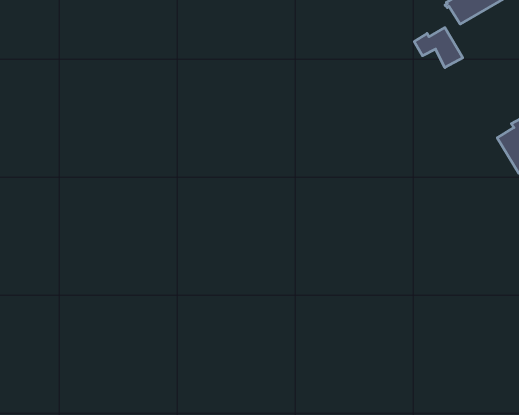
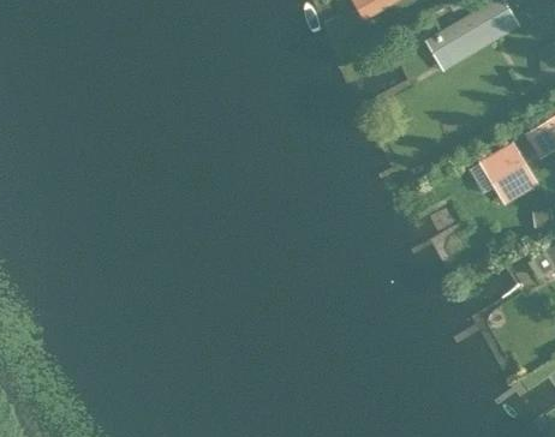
building: [414,28,463,68] -> none

